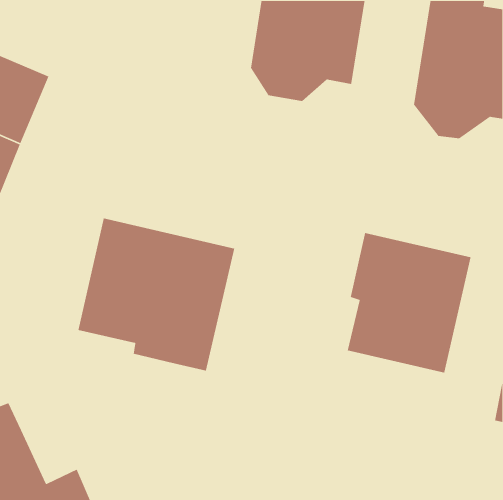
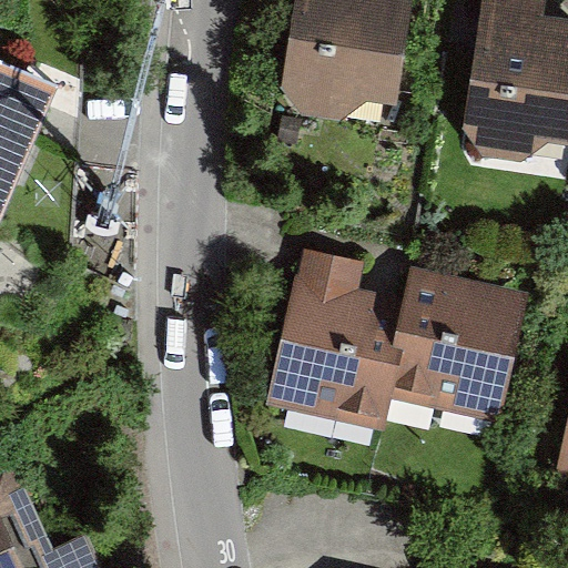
building: none -> [265,248,403,429]
building: [77,217,235,371] -> none

